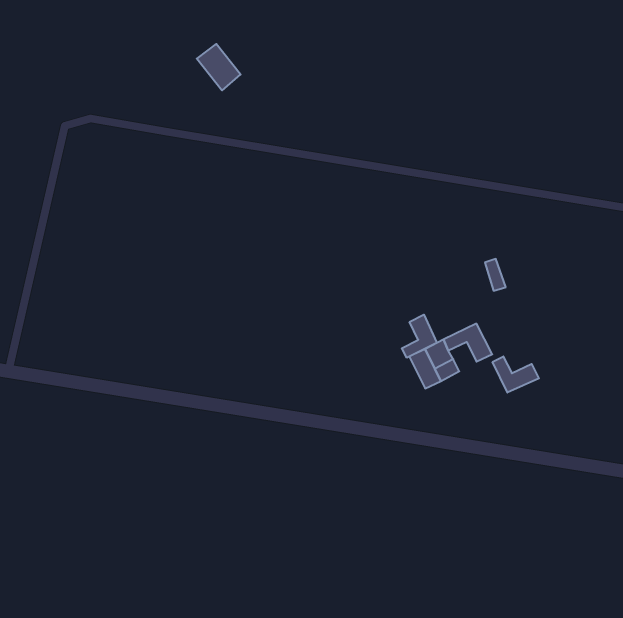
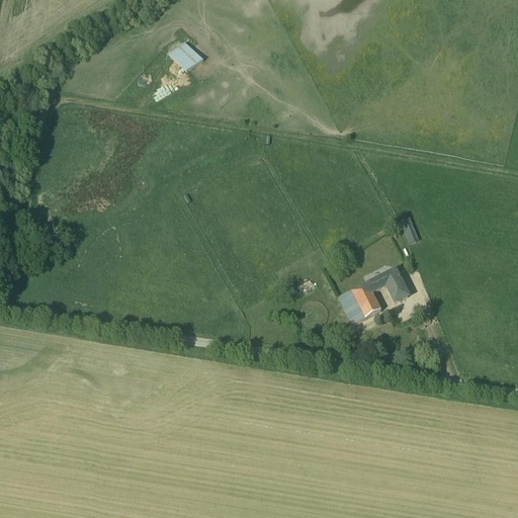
building: [402,315,437,358] -> none
building: [493,356,539,393] -> none

